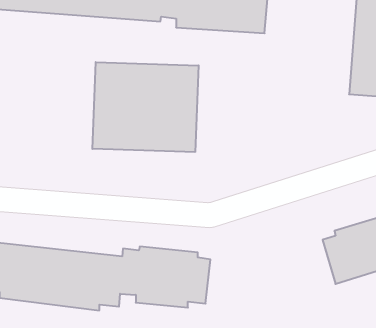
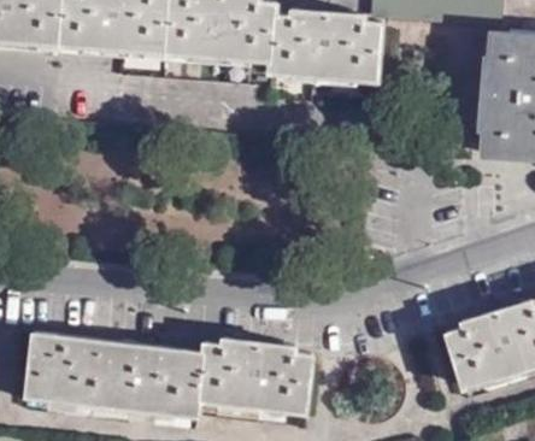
building: [92,62,199,152] -> none

